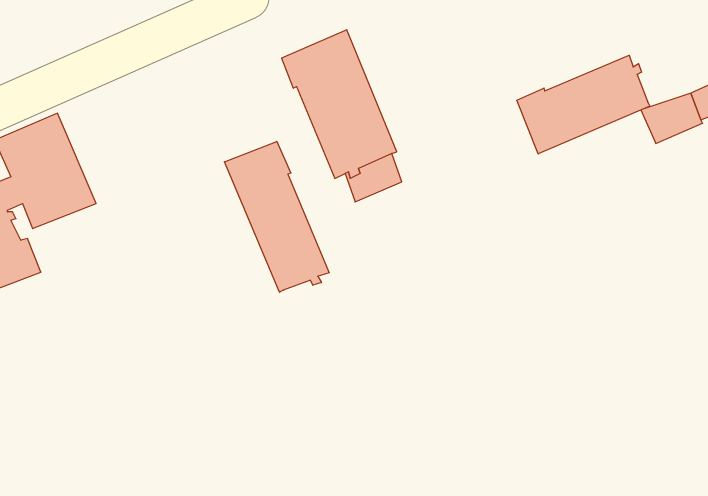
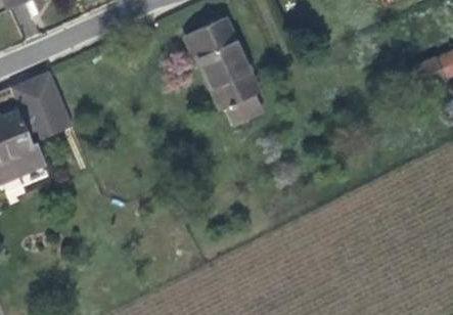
building: [517,55,650,154] -> none
building: [224,141,329,292] -> none

